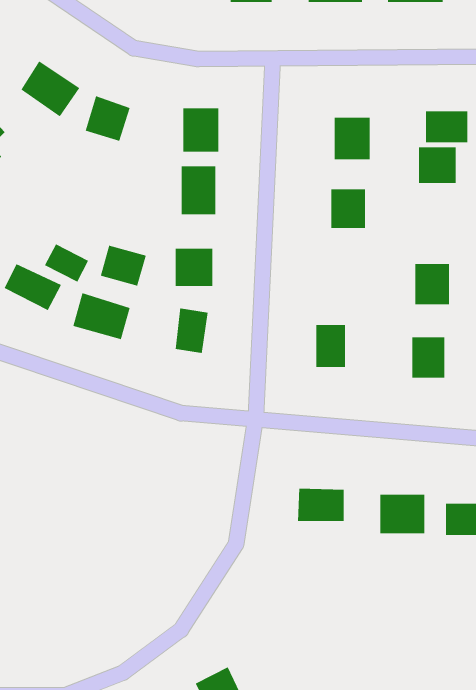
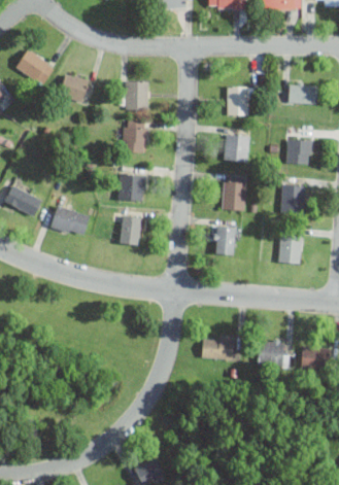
building: [418,147,456,183] -> [287,139,313,164]
building: [44,243,89,283] -> none
building: [100,245,146,287] -> none
building: none -> [223,181,246,210]

